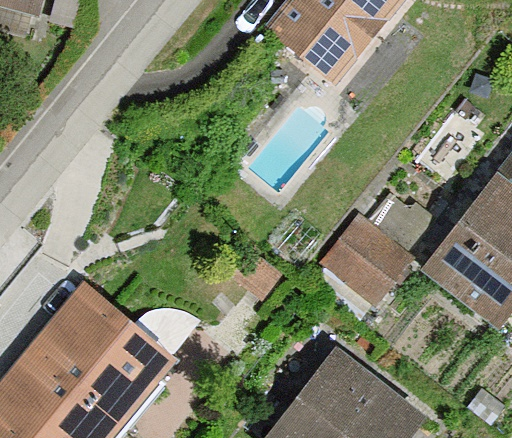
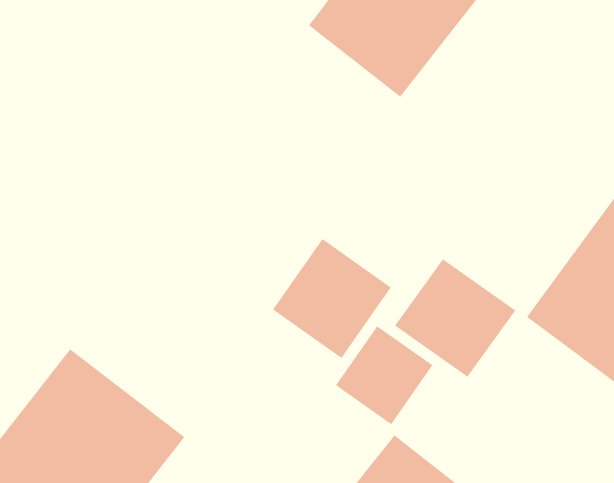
building: none -> [272,238,392,359]
building: none -> [335,326,433,425]

